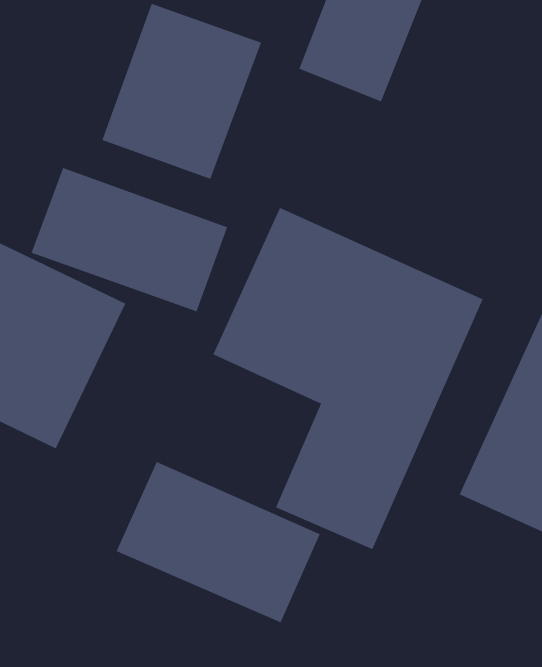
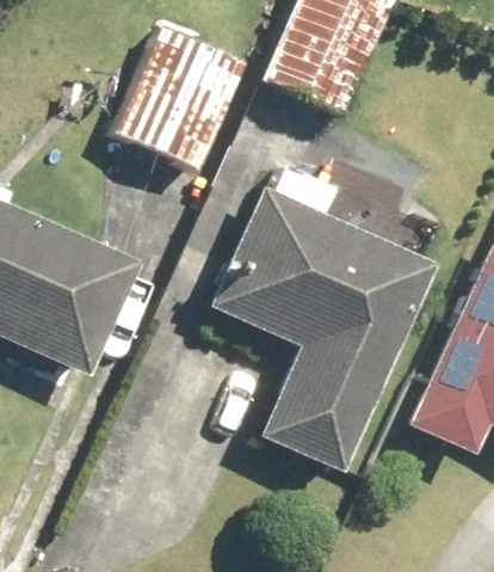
building: [31,167,228,312] -> none
building: [116,461,321,623] -> none

